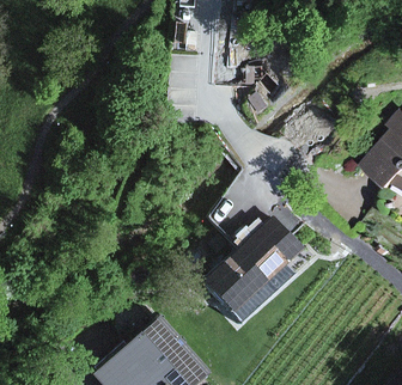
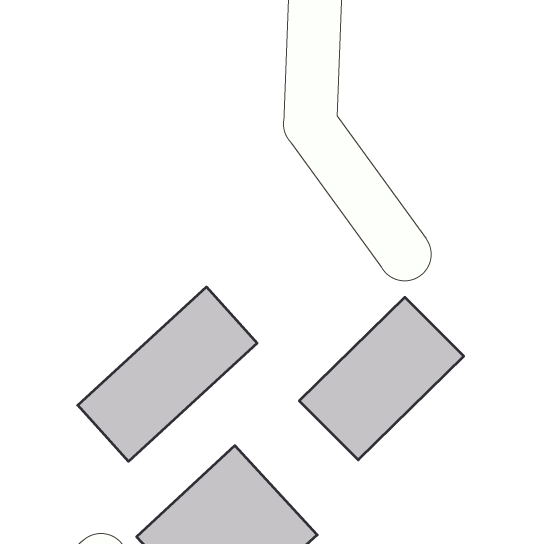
building: none -> [78,287,257,461]

